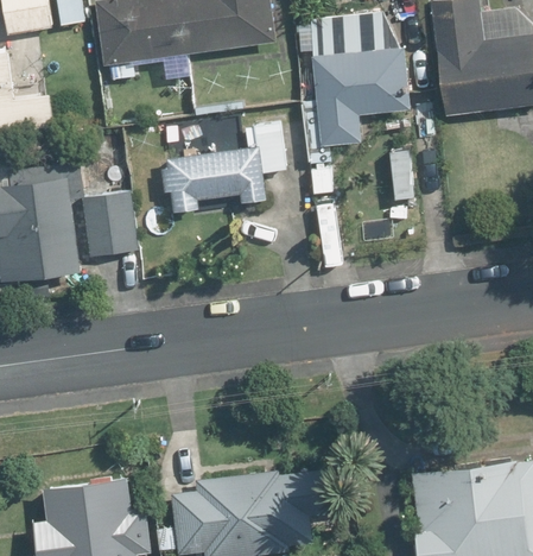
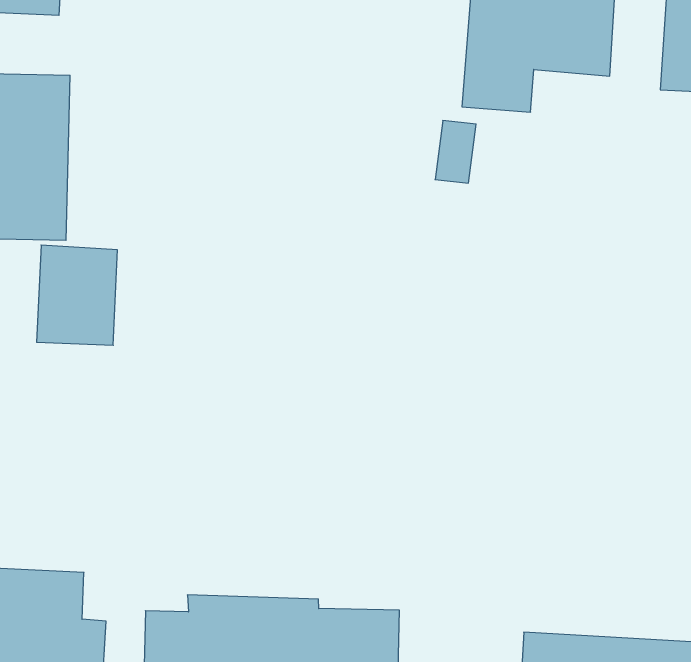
building: [159,122,306,211] -> none
building: [82,192,138,259] -> [37,245,117,345]

